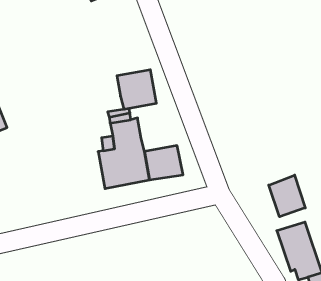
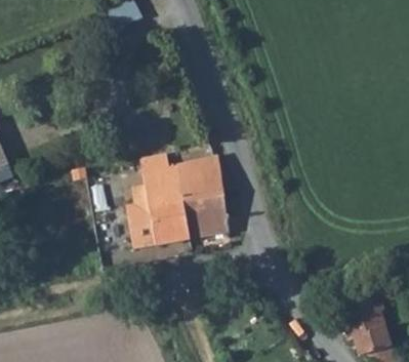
building: [117,70,156,109] -> [172,158,219,205]
building: [269,175,305,217] -> none

